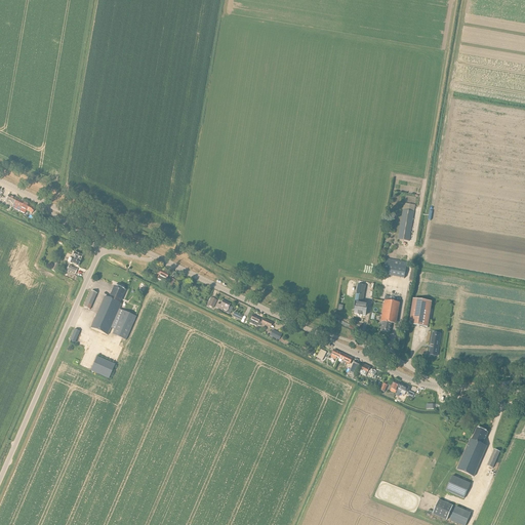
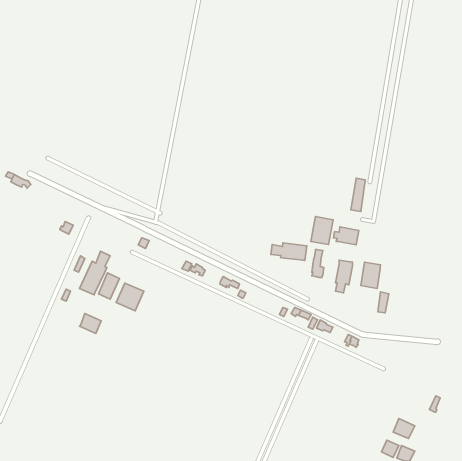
building: none -> [311,217,333,245]
building: none -> [271,243,307,260]
building: none -> [116,283,144,311]
building: [456,427,488,476] -> none

